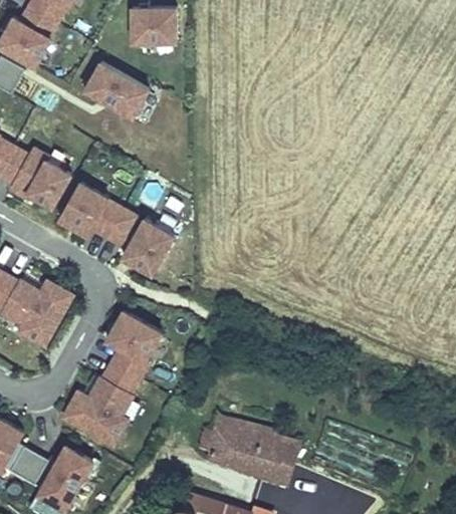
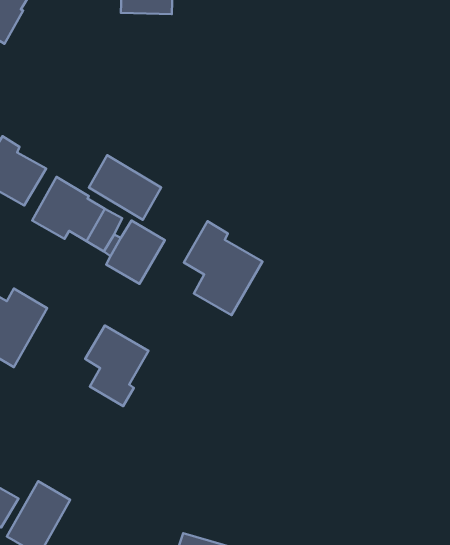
building: [84,61,148,117] -> [89,155,161,220]
building: none -> [184,221,263,315]
building: [60,364,138,448] -> none
building: [204,427,300,479] -> none

